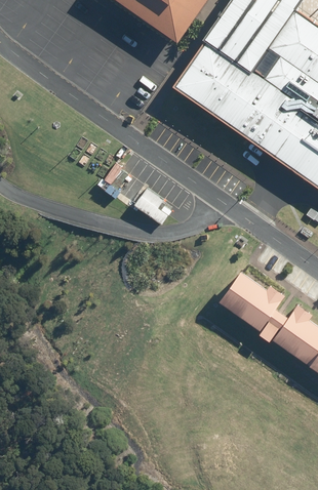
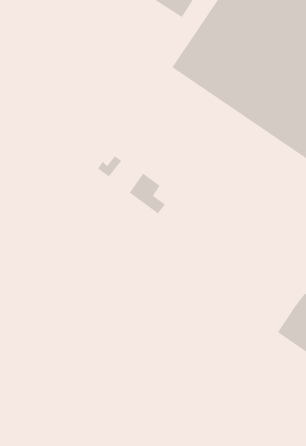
building: [220,269,287,339] -> none

